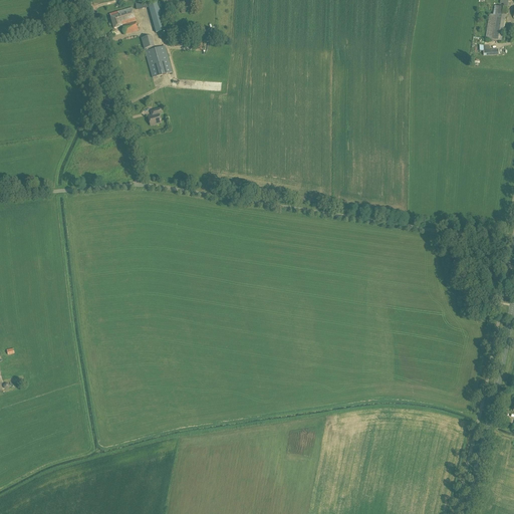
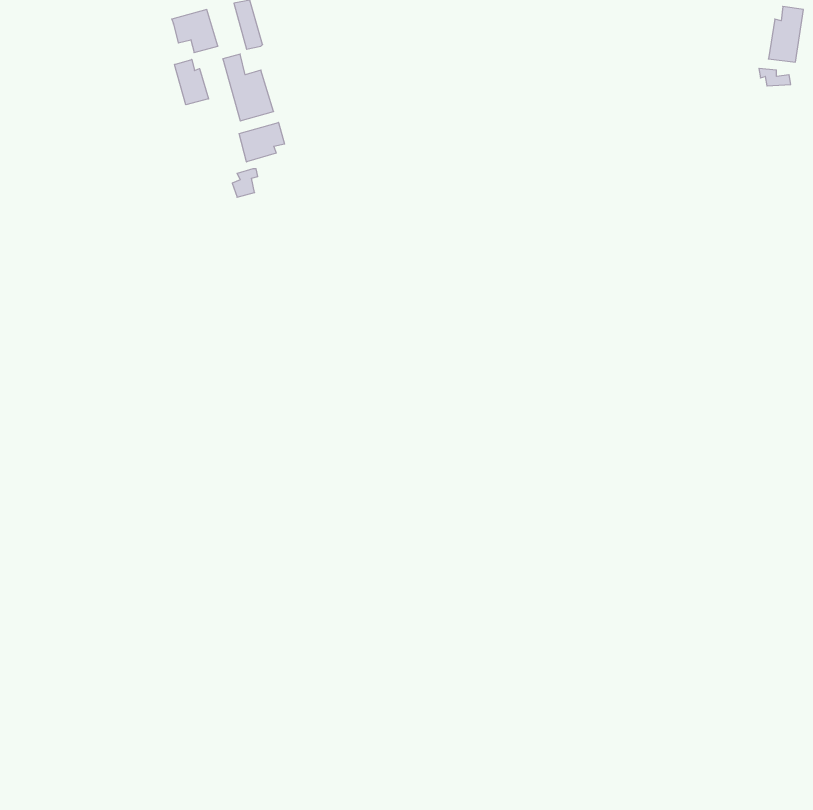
building: none -> [175,59,209,105]
building: none -> [239,122,285,162]

